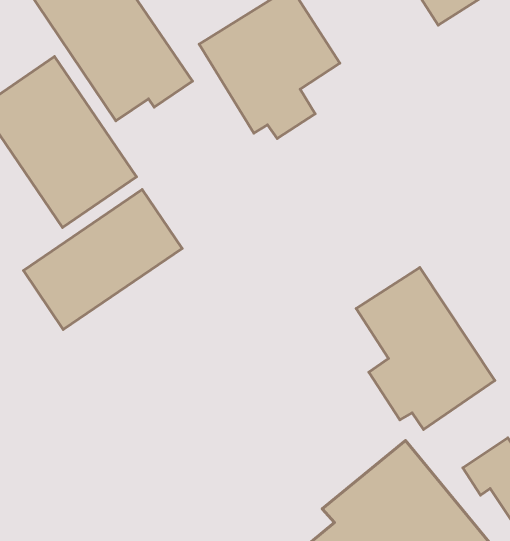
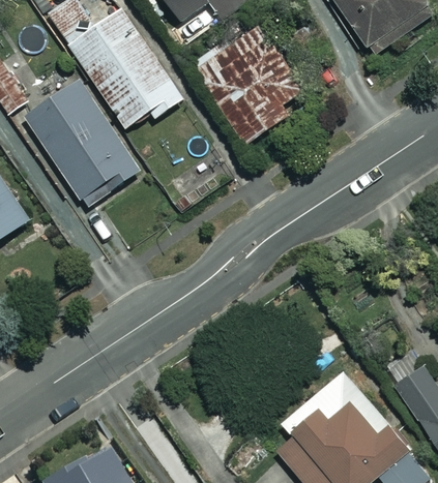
building: [23,190,182,329] -> none
building: [356,268,495,429] -> none

